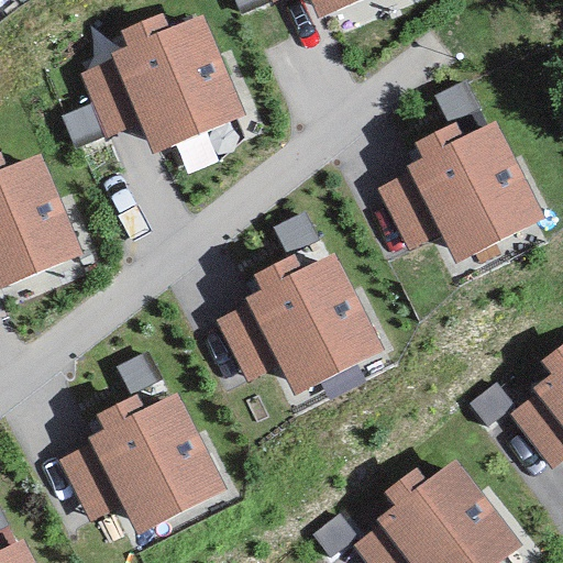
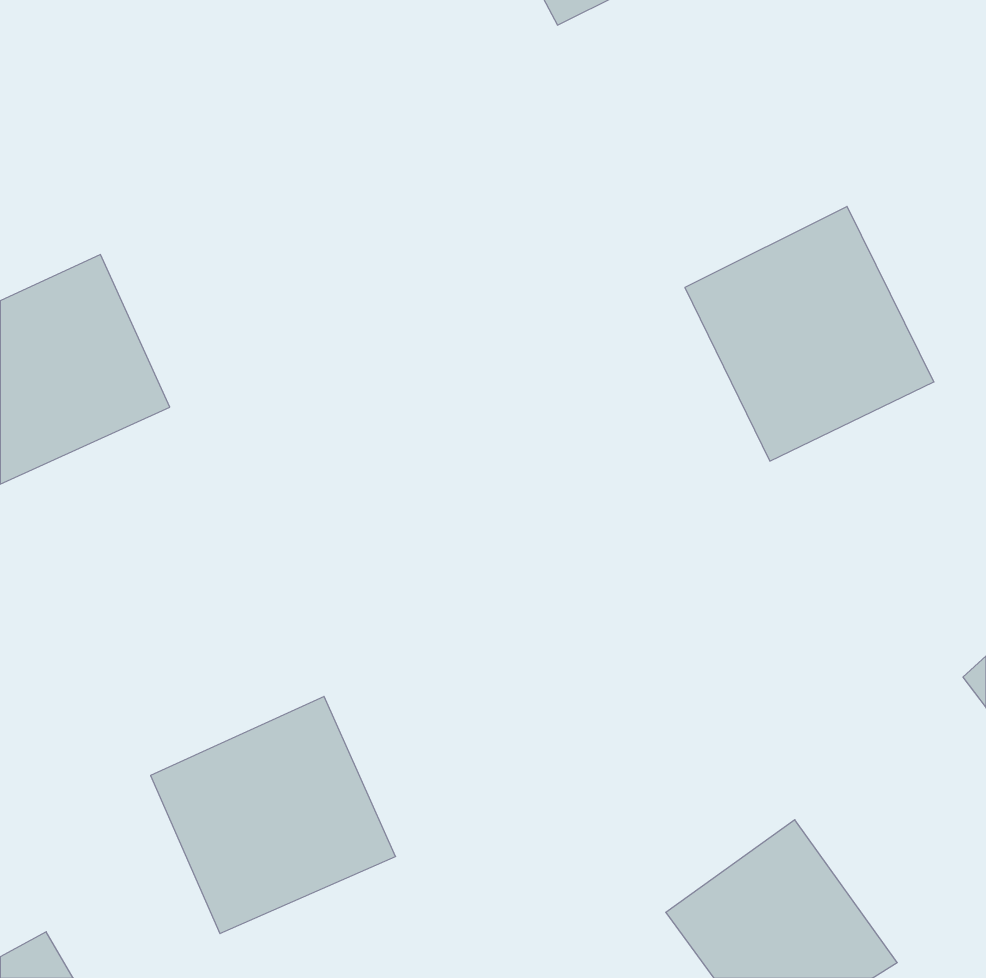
building: [114,26,235,153] -> none
building: [244,271,368,397] -> none

